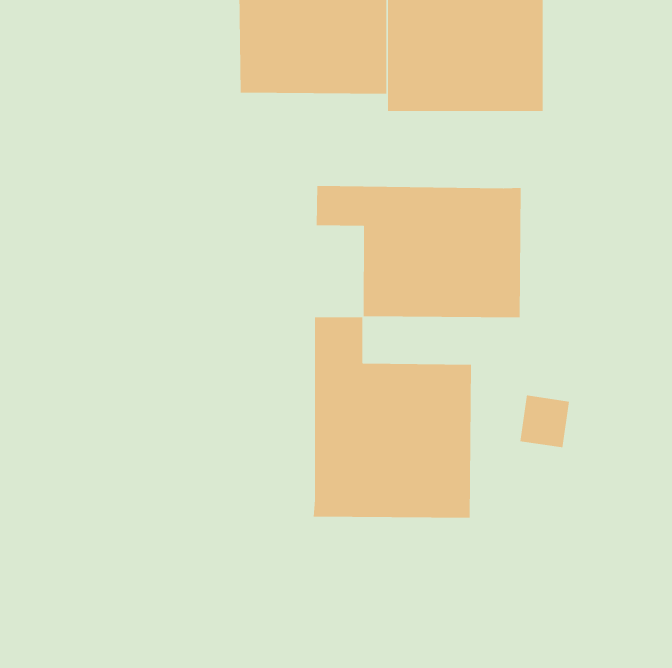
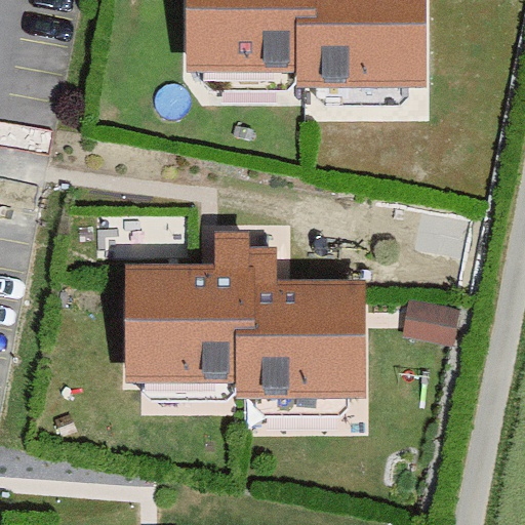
building: [316,185,521,318] -> none
building: none -> [128,234,243,387]

